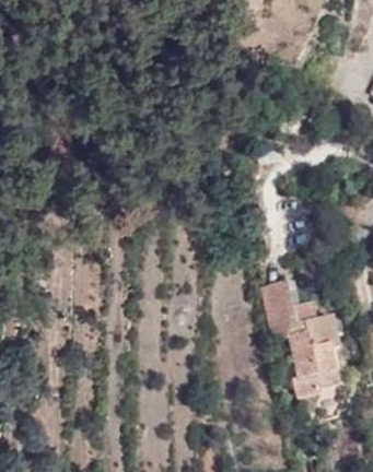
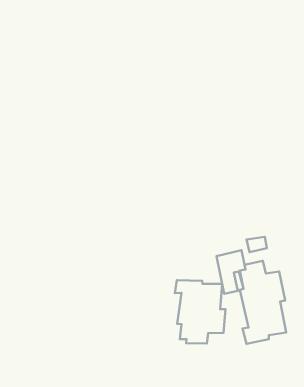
building: none -> [175,280,226,344]

